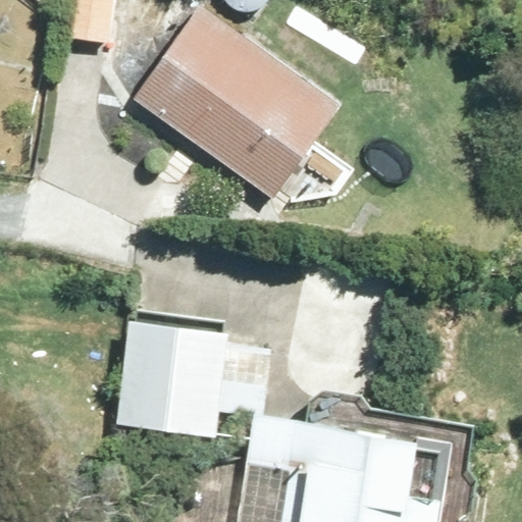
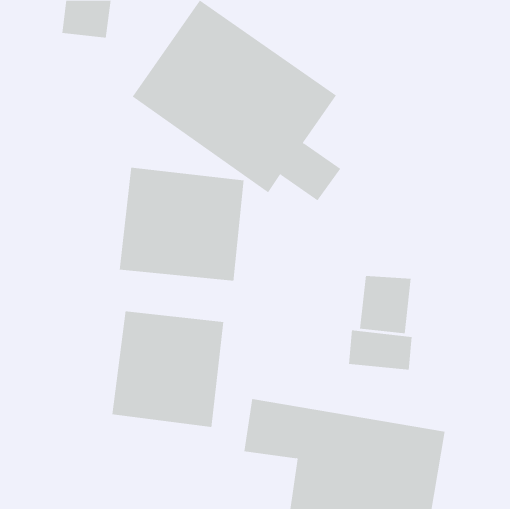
building: none -> [119,167,244,282]

